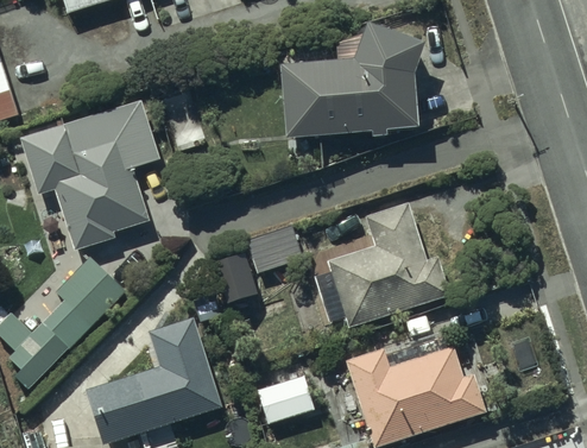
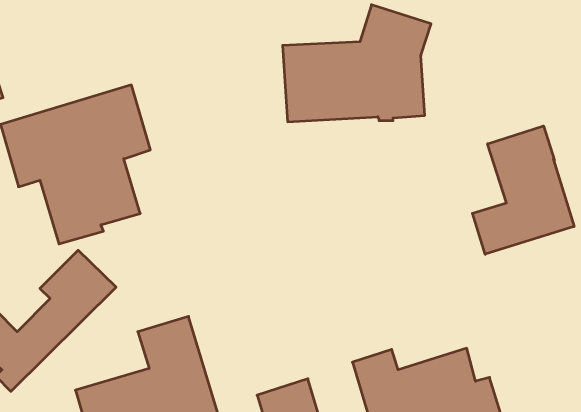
building: none -> [472,126,574,254]
building: [315,203,449,327] -> none
building: [213,227,301,303] -> none

